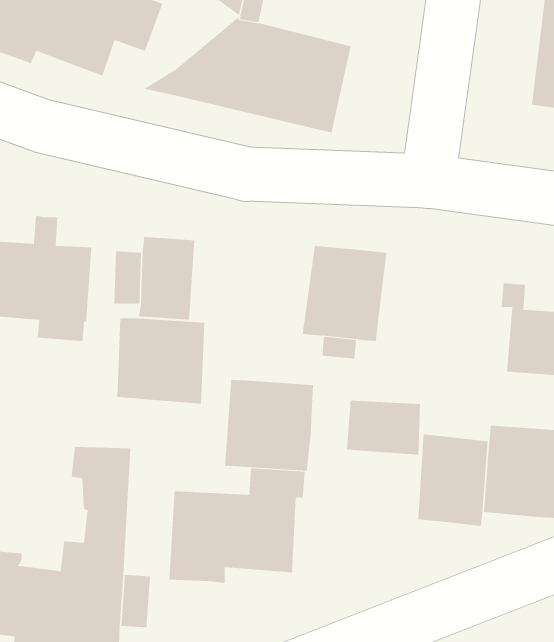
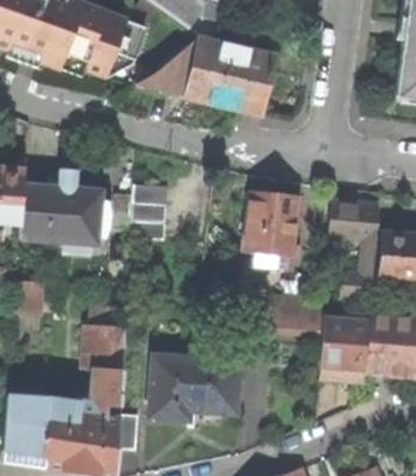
building: none -> [329,199,379,296]
building: [117,317,205,405] -> none
building: [225,379,314,471] -> none

